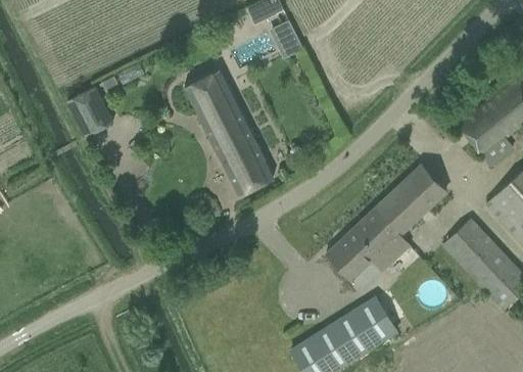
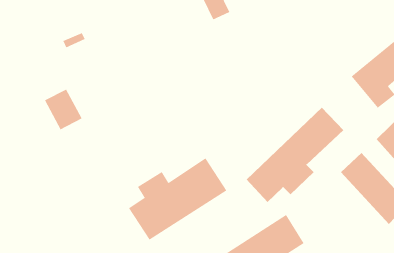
building: [185,68,274,194] -> none
building: [66,86,113,137] -> [44,89,82,130]
building: none -> [128,157,227,241]

